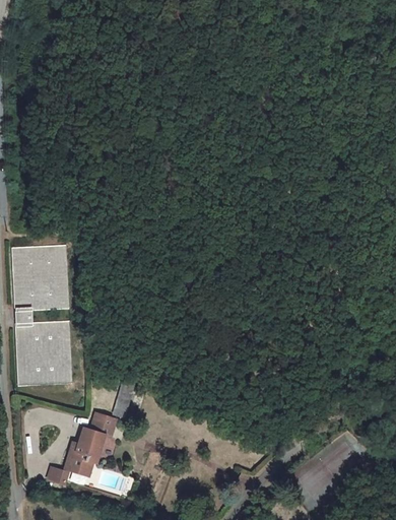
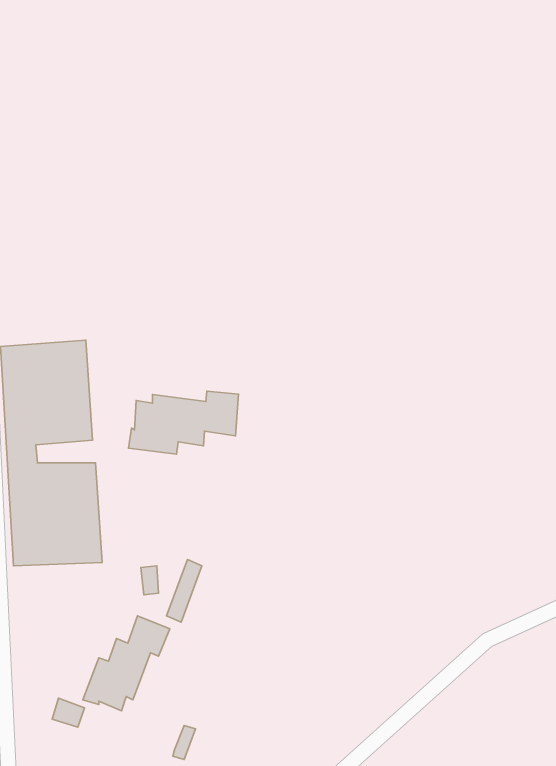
building: none -> [128,391,239,454]

